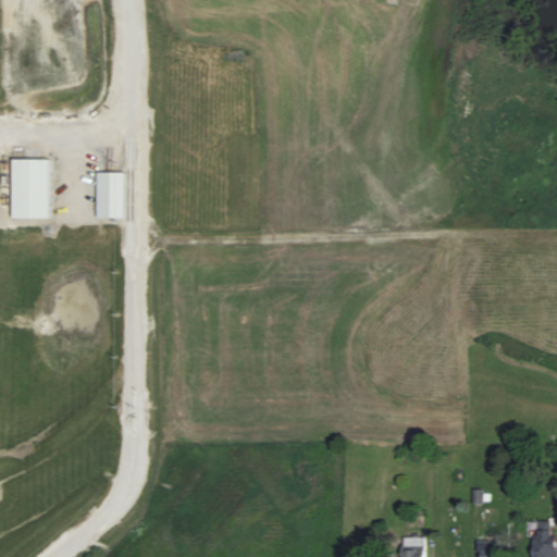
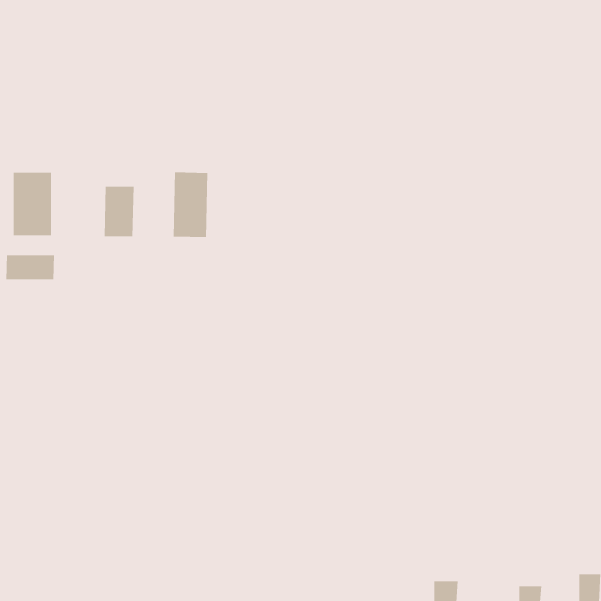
building: none -> [173,172,208,238]
building: none -> [6,255,55,280]

